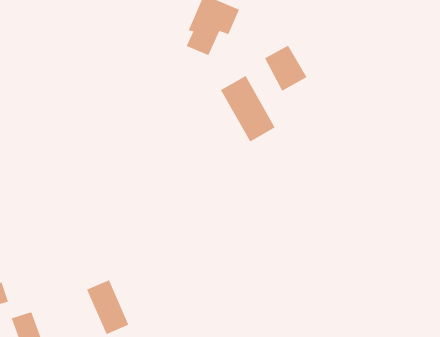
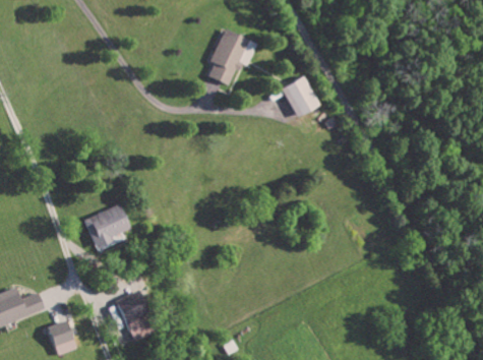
building: [220,75,275,142] -> none
building: none -> [84,205,130,243]

